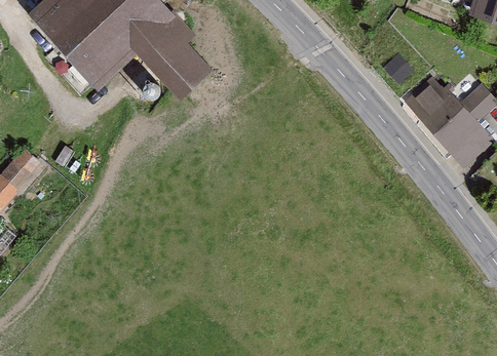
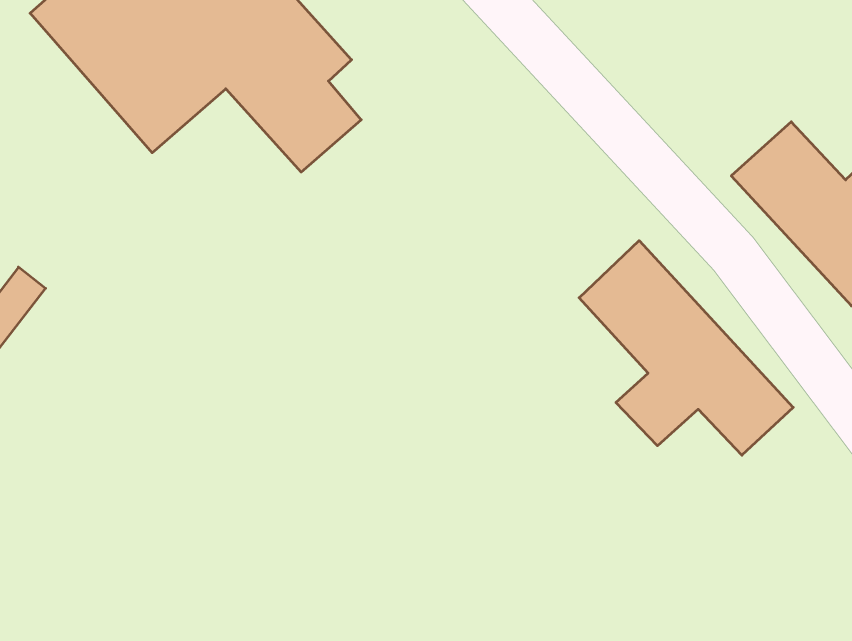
building: none -> [579,241,793,455]

